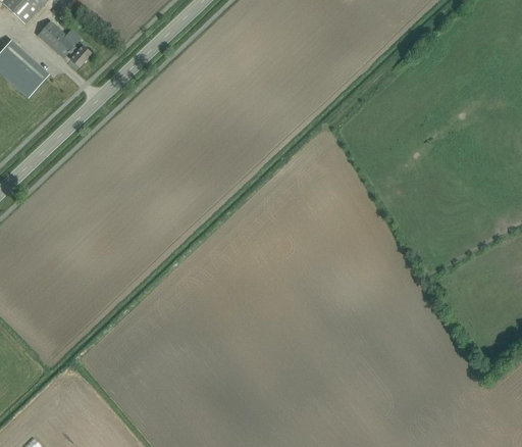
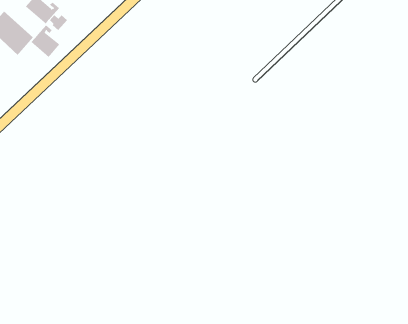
building: none -> [31,24,60,58]

